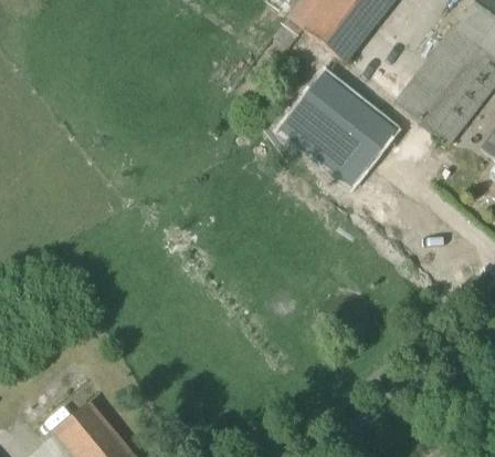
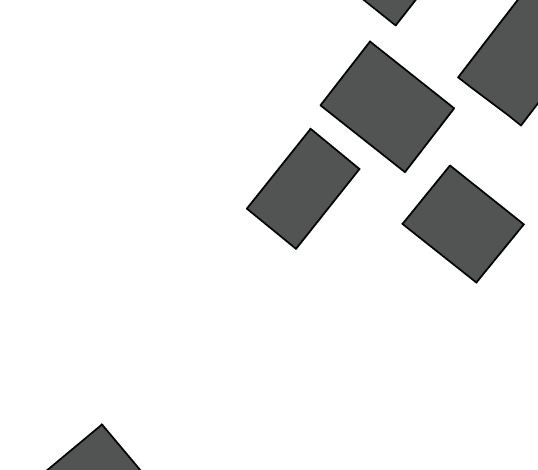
building: none -> [247,129,360,249]
building: none -> [402,166,524,283]

